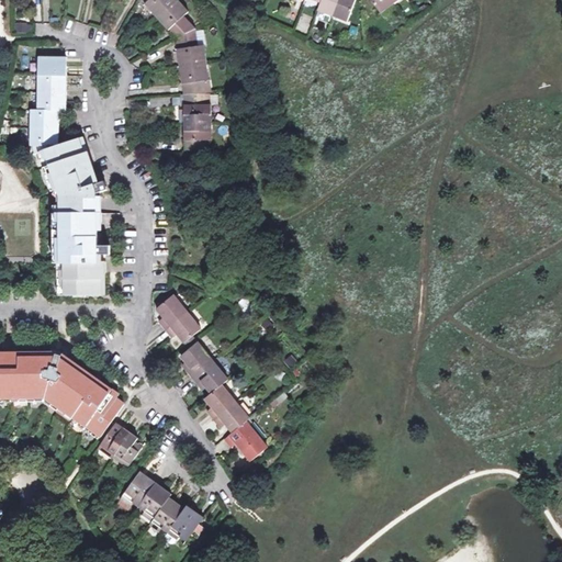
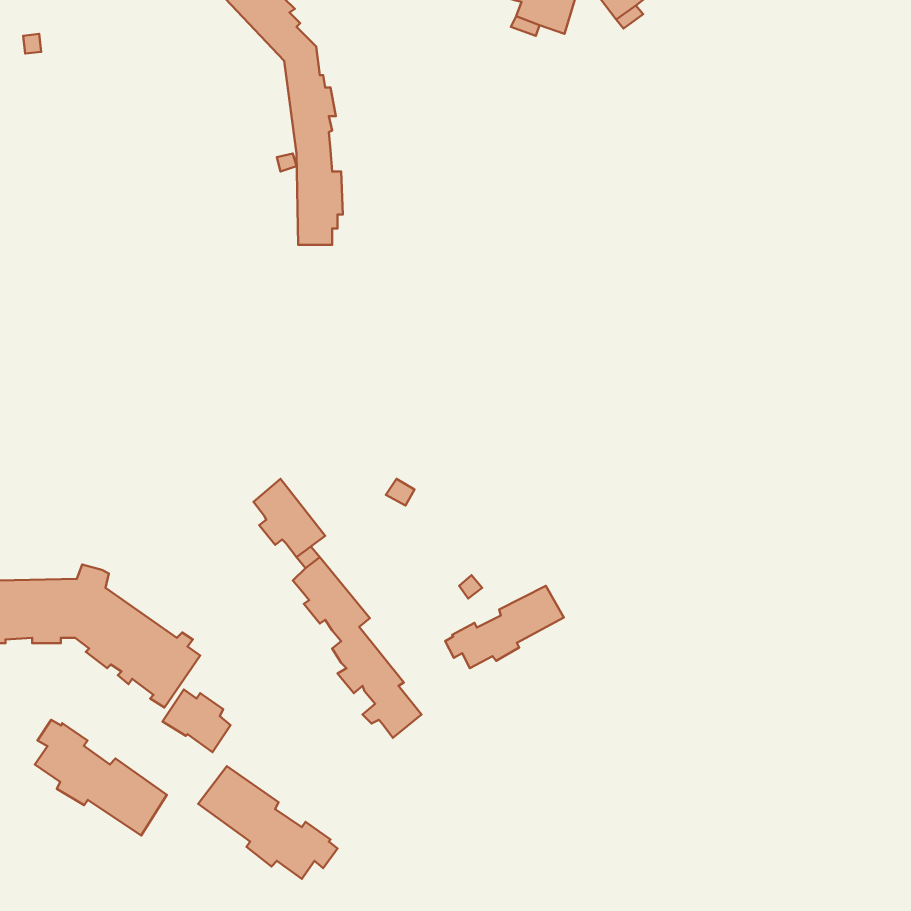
building: [31,56,109,294] -> none
building: none -> [445,586,564,668]
building: none -> [35,720,167,835]

